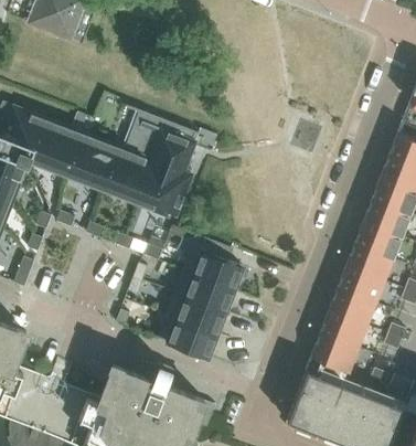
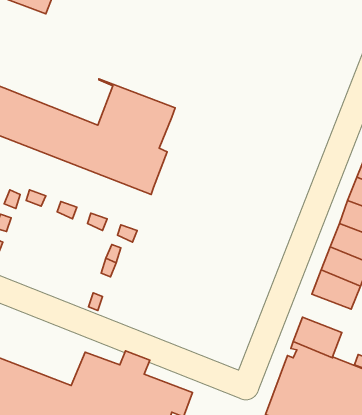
building: [159,236,243,358] -> none
building: [321,311,367,348] -> none

